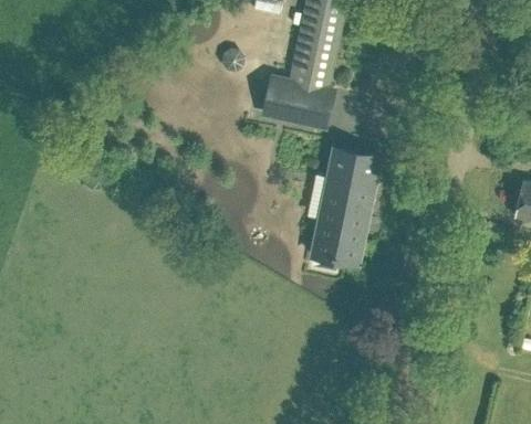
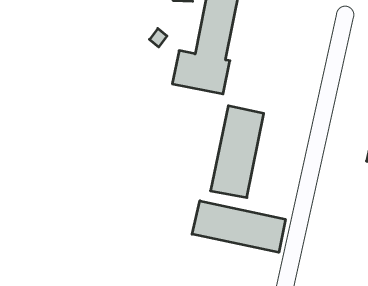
building: none -> [192,201,285,252]

